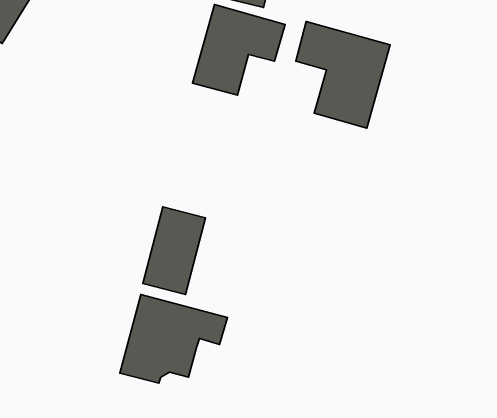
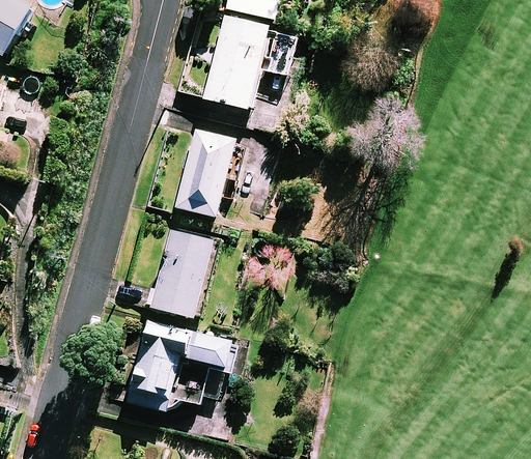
building: [296,22,390,128] -> none
building: none -> [174,130,244,217]

